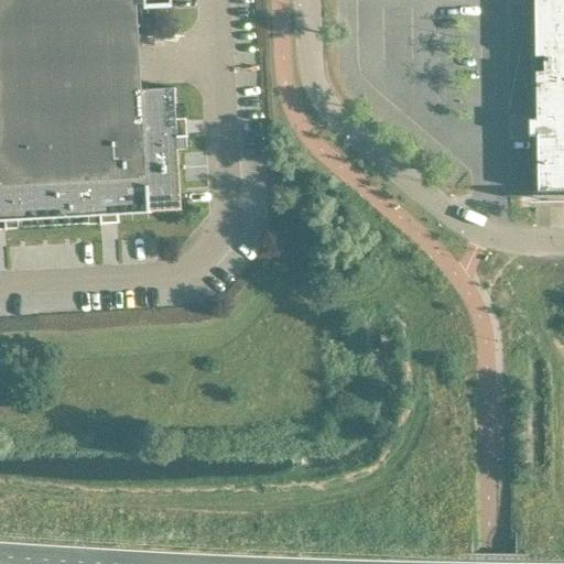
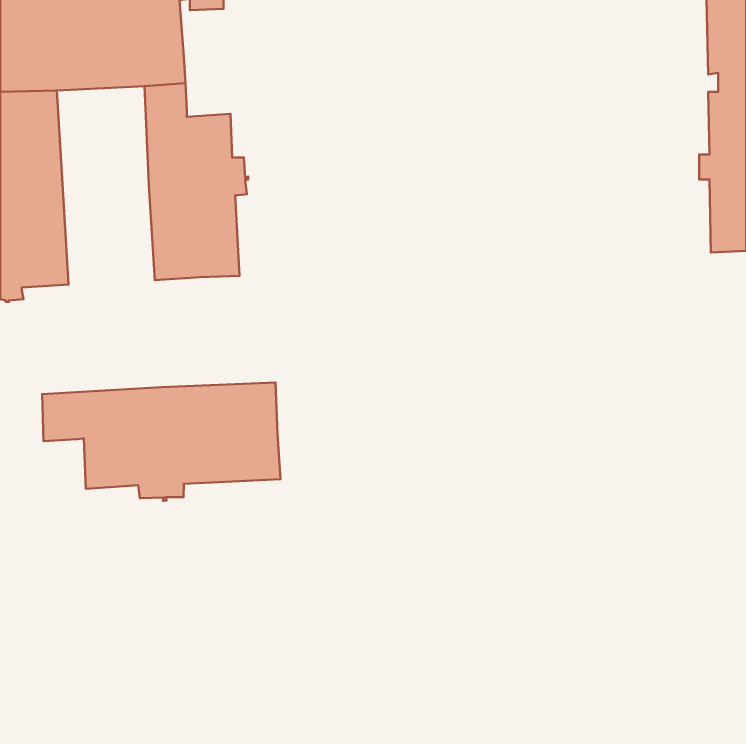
building: [43,65,117,224] -> none
building: none -> [42,382,280,501]

